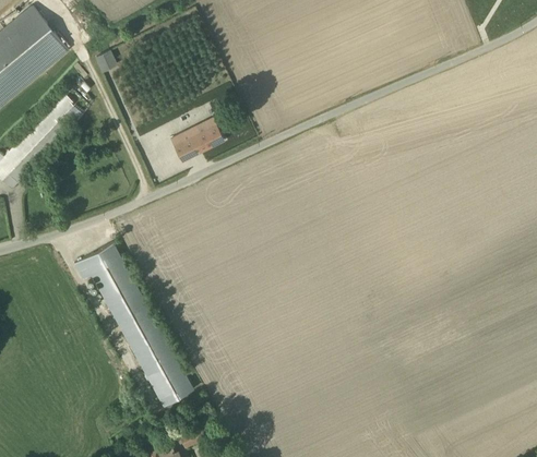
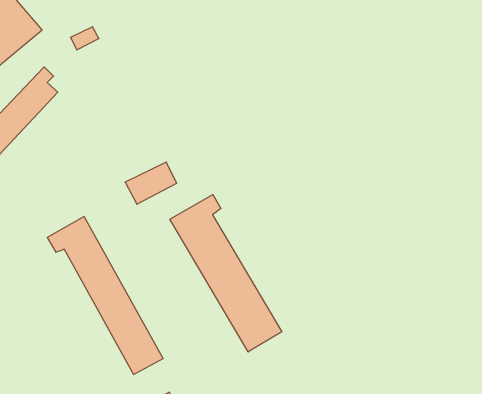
building: [169,119,223,163] -> [125,162,177,204]
building: none -> [170,195,282,352]

